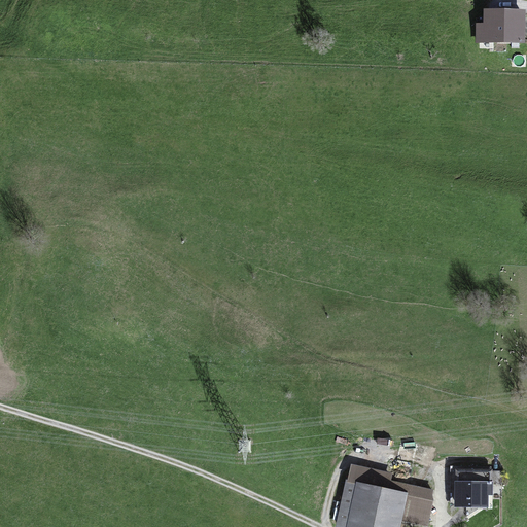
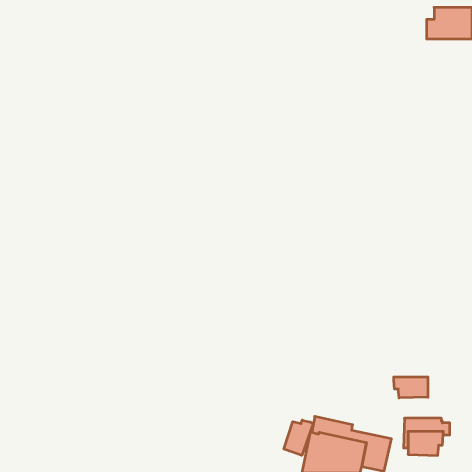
building: none -> [394,377,428,398]
building: none -> [284,420,313,455]

